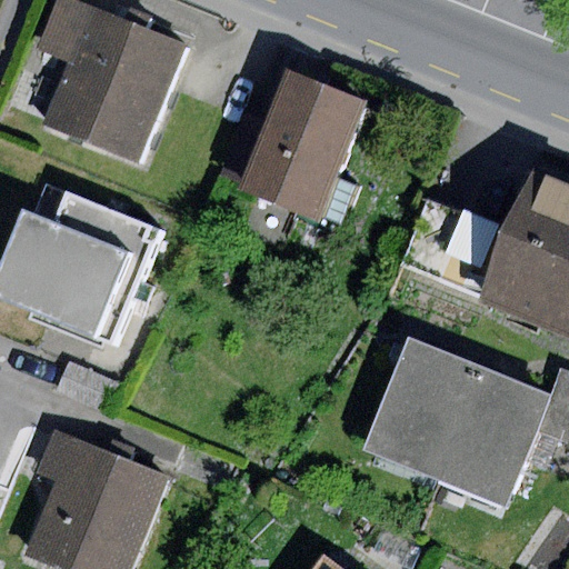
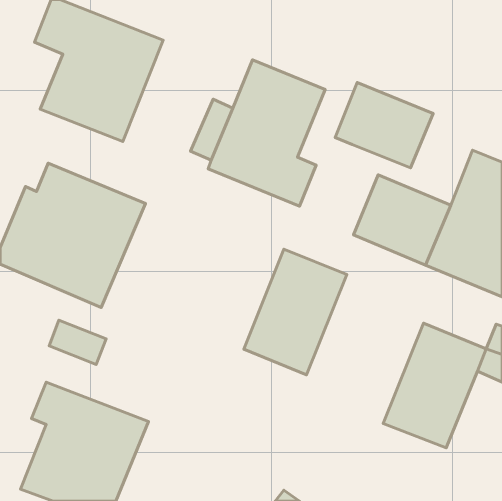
building: none -> [335,83,433,168]
building: [362,337,479,479] -> [244,249,347,375]

